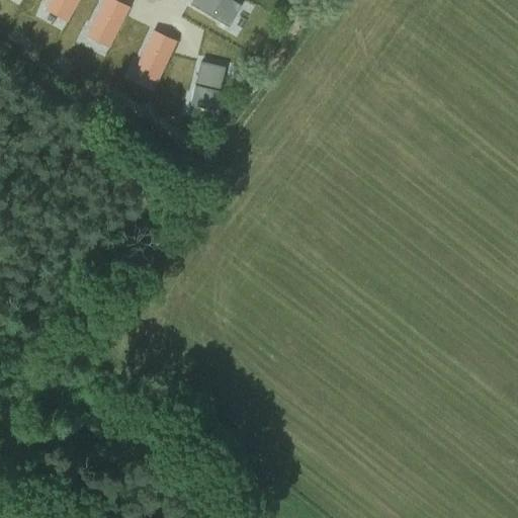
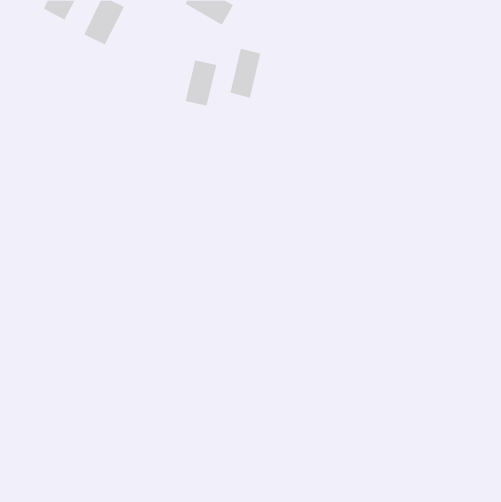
building: [134,30,176,82] -> none
building: none -> [230,48,261,99]

